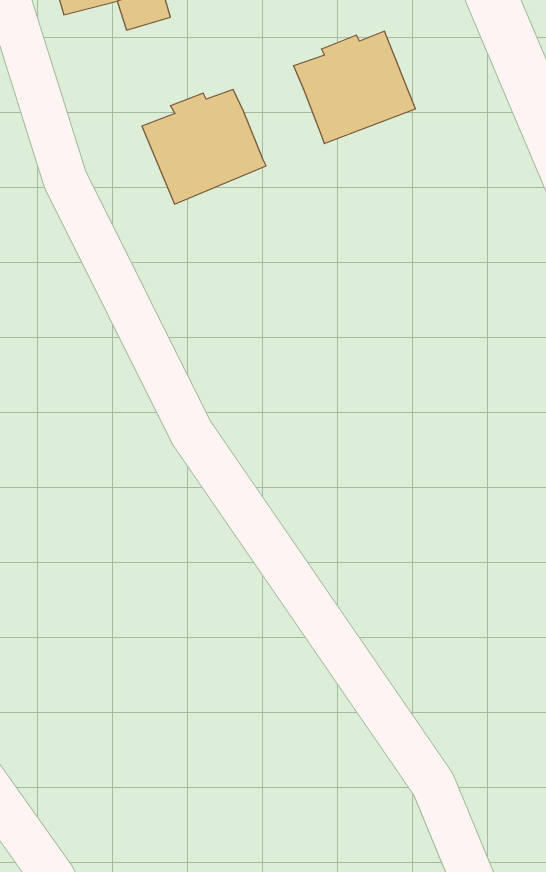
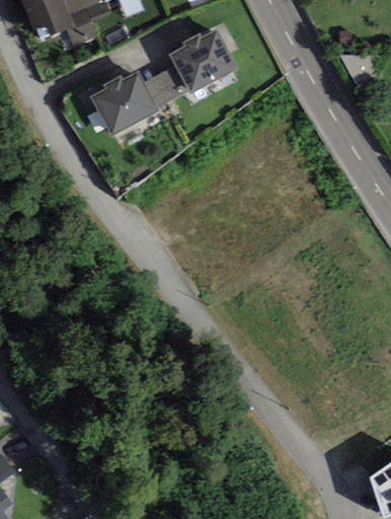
building: none -> [143,66,187,107]

